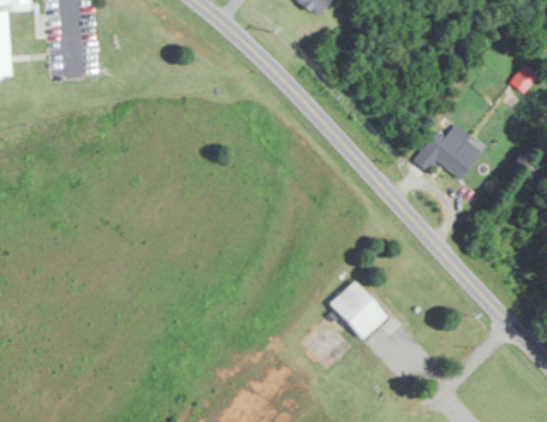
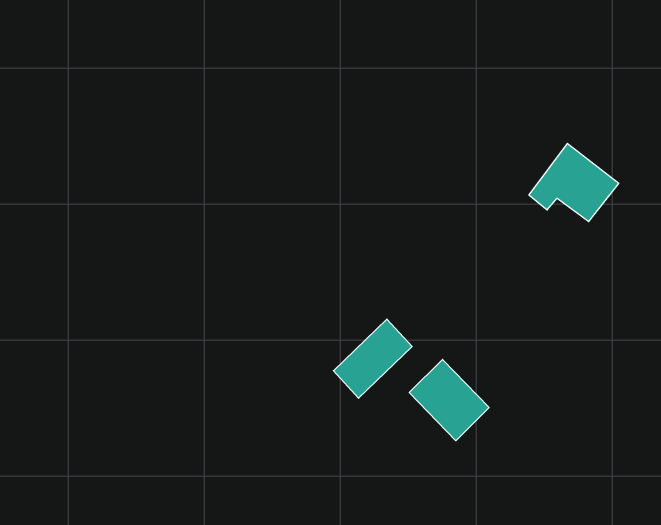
building: none -> [333,319,412,398]

